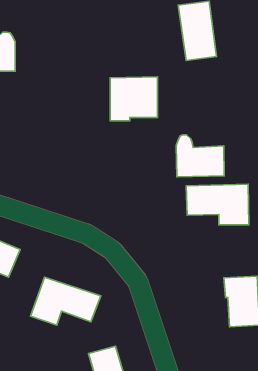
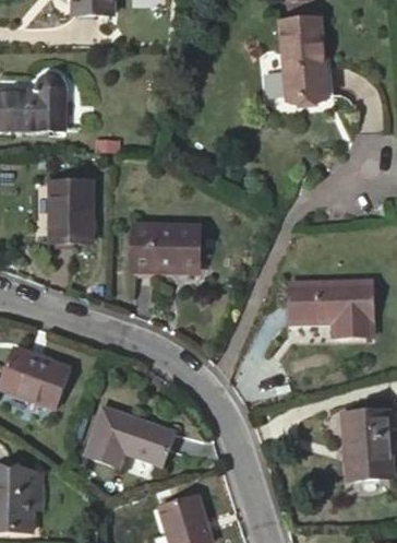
building: [110,77,157,121] -> [134,211,197,270]
building: none -> [50,181,92,239]
building: [176,135,224,177] -> none

